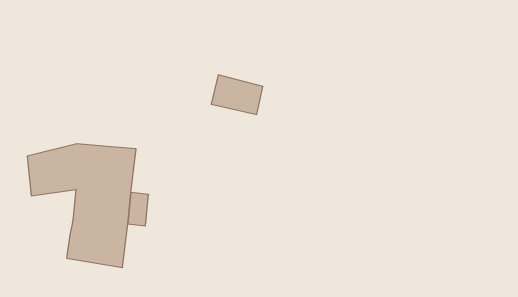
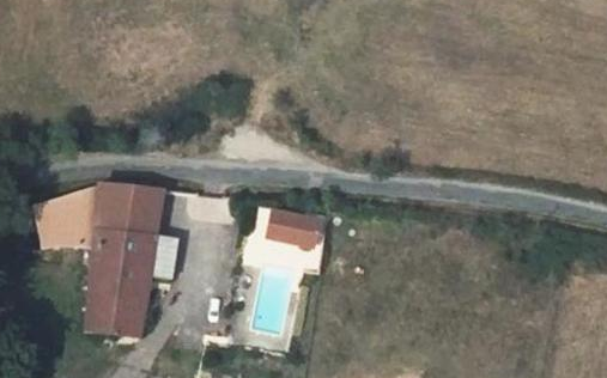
building: [211,75,263,114] -> [256,202,316,248]

